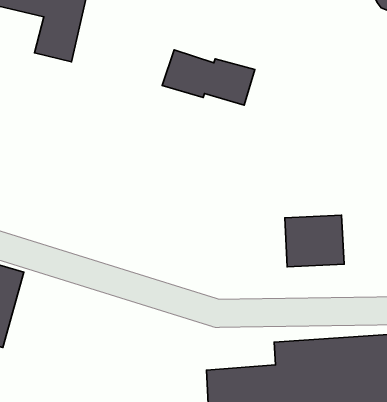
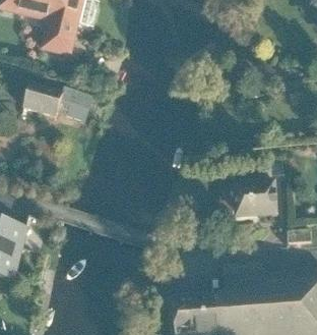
building: [162,50,255,105] -> [20,85,91,127]

